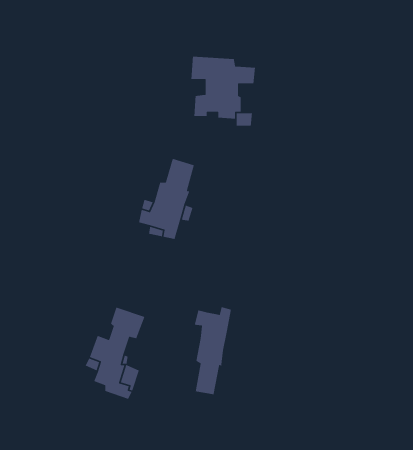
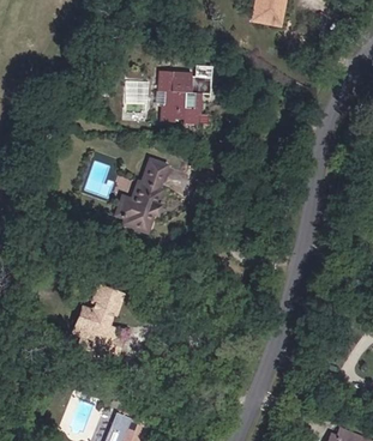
building: [194,306,232,395] -> none

